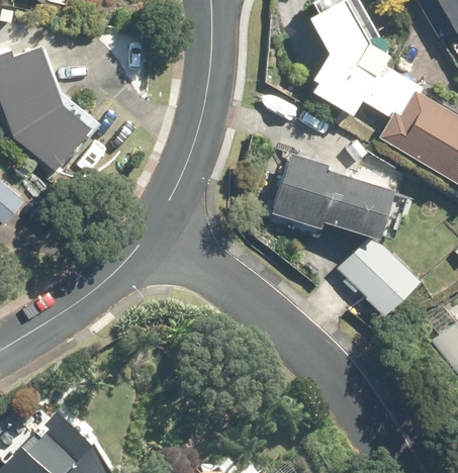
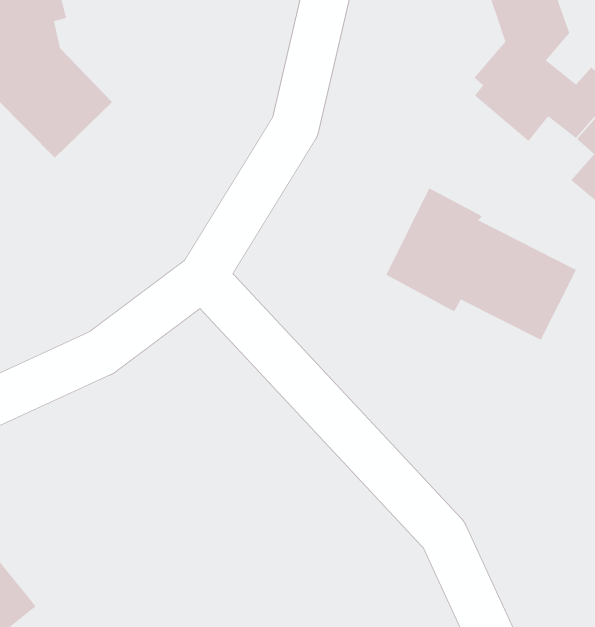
building: [344,241,414,308] -> none

